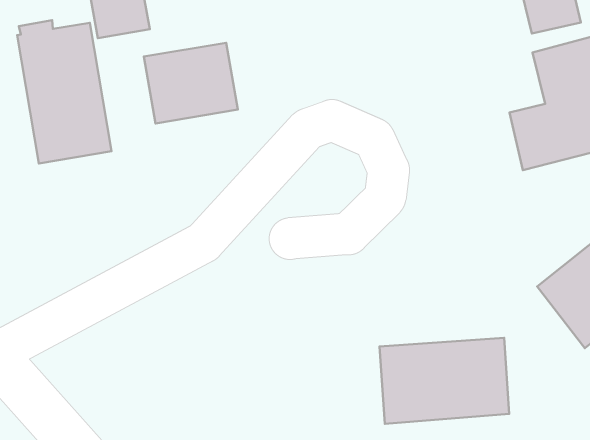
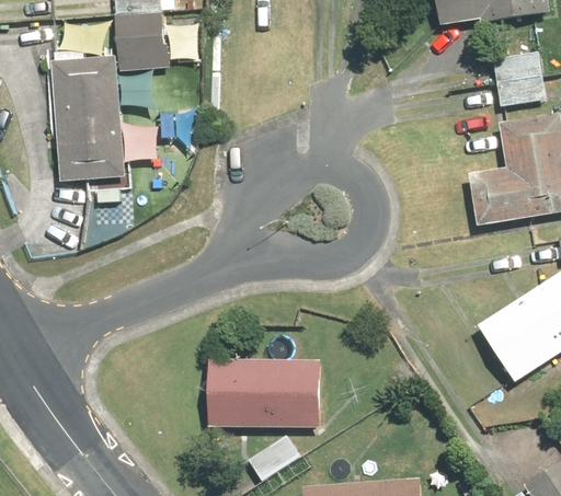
building: [144,43,238,123] -> none
building: [380,338,509,424] -> [208,359,320,429]

